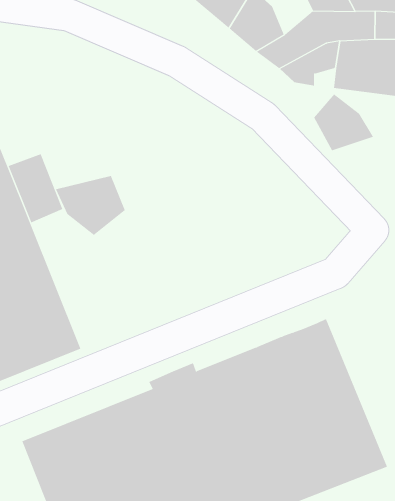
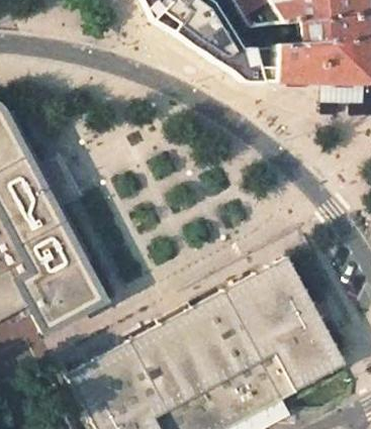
building: [314,93,374,151] -> none
building: [55,175,125,236] -> none

